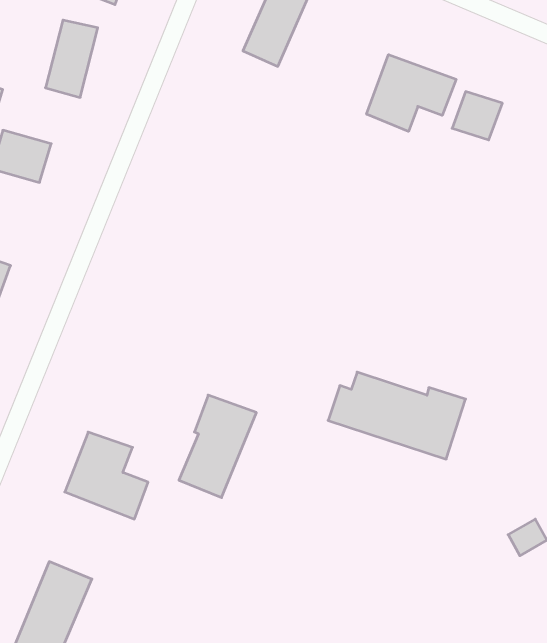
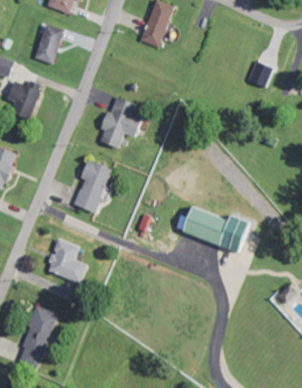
building: [367,55,456,131] -> none
building: none -> [100,96,144,147]
building: [179,395,256,498] -> [73,159,114,213]

